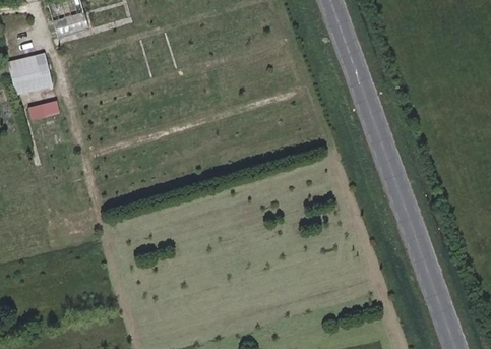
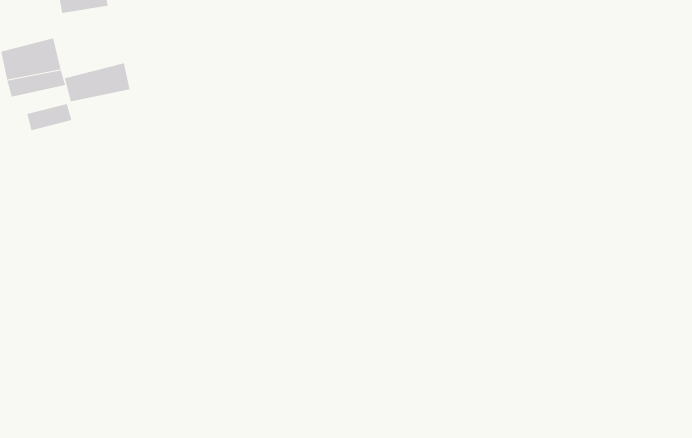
building: none -> [64,63,130,102]

